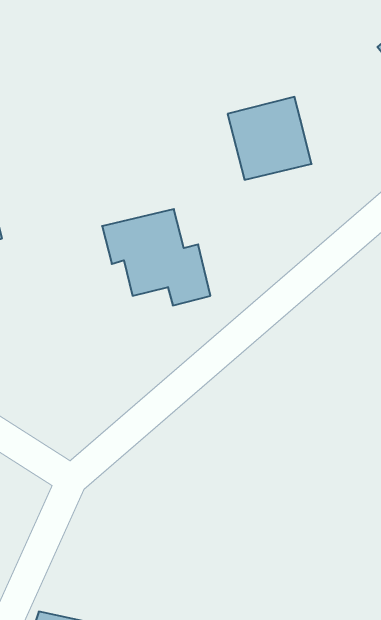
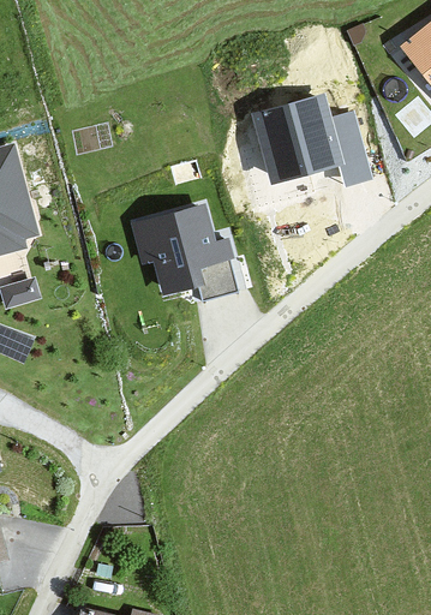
building: none -> [328,114,371,187]

